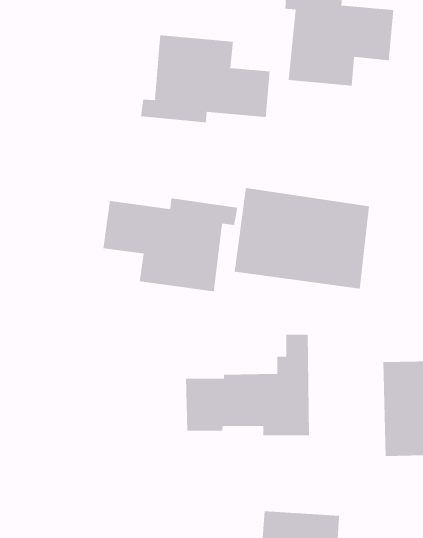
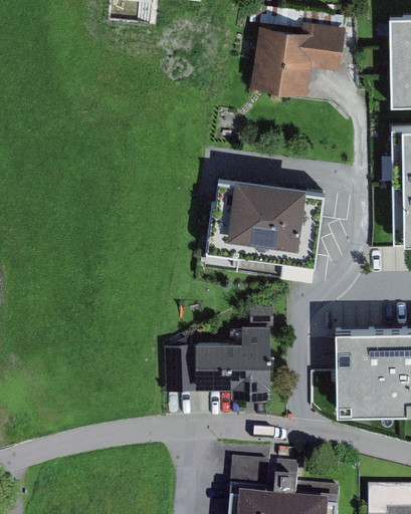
building: [140,34,270,123] -> none
building: [103,197,238,292] -> none

